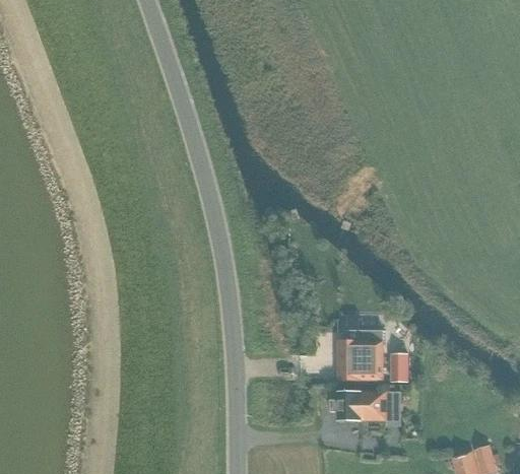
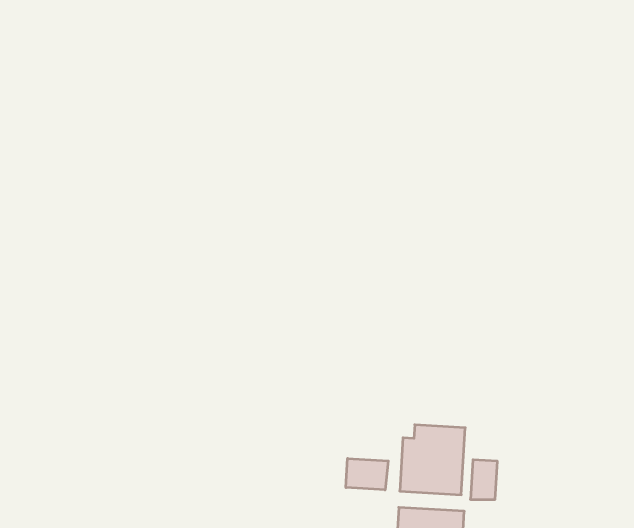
building: none -> [346,458,388,490]

